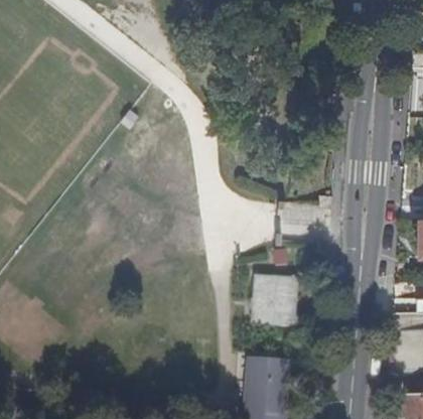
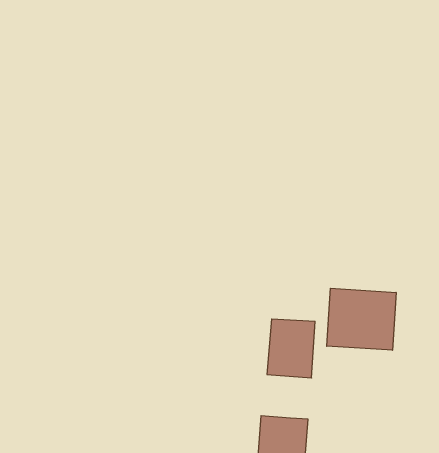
building: none -> [327,288,396,350]

